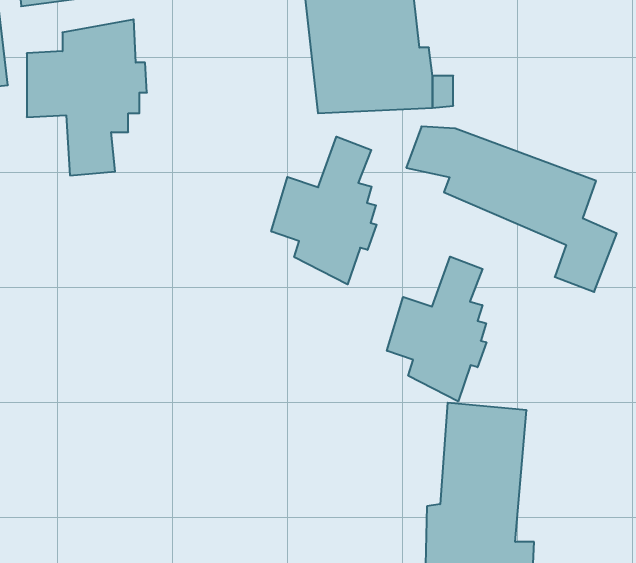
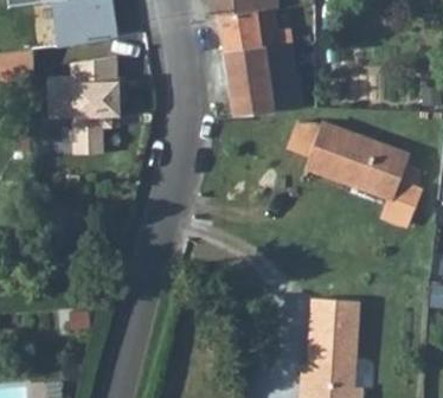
building: [271,137,377,284] -> none
building: [387,257,486,401] -> none

